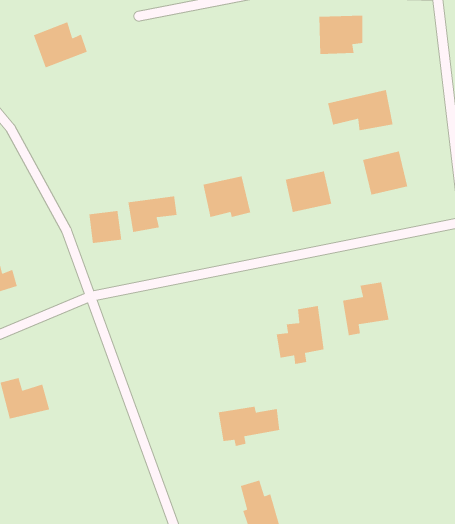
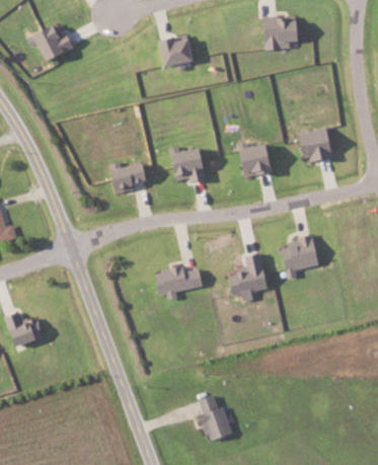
building: none -> [155,36,190,67]
building: [327,89,394,131] -> none
building: [88,210,122,244] -> none
building: [218,406,280,447] -> [153,266,204,300]

